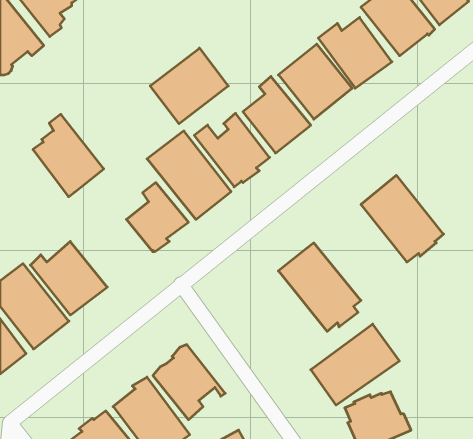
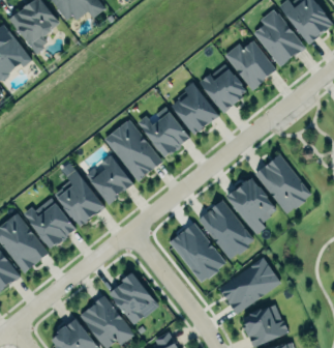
building: [150,48,228,124] -> none
building: [33,114,104,197] -> [56,170,105,228]
building: none -> [226,176,278,234]
building: none -> [166,222,223,283]

